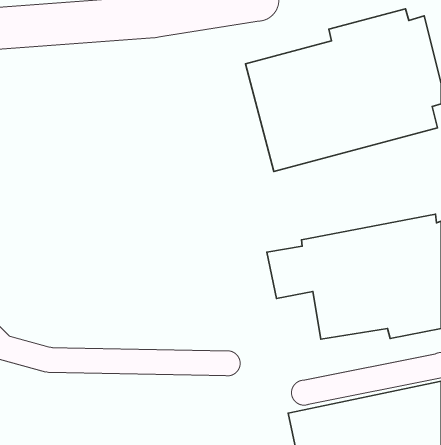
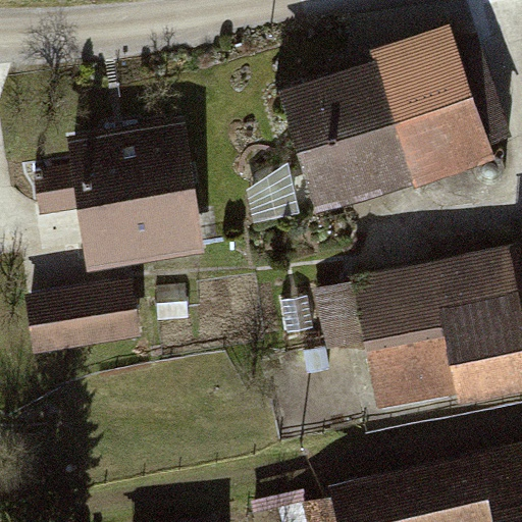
building: none -> [30,125,201,268]
building: none -> [27,282,142,360]

